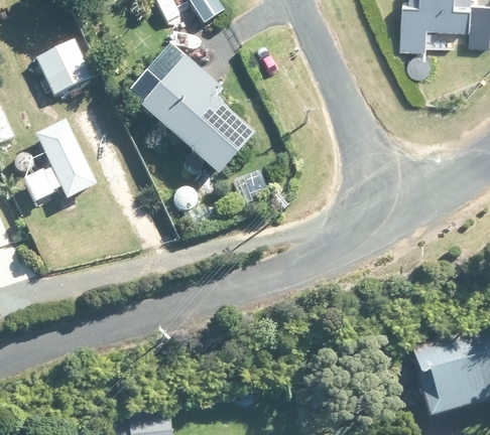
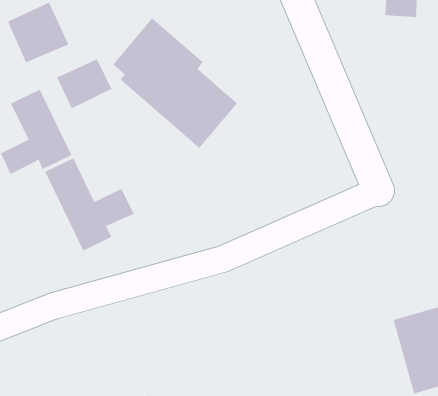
building: none -> [57,58,112,109]
building: none -> [45,157,134,251]

